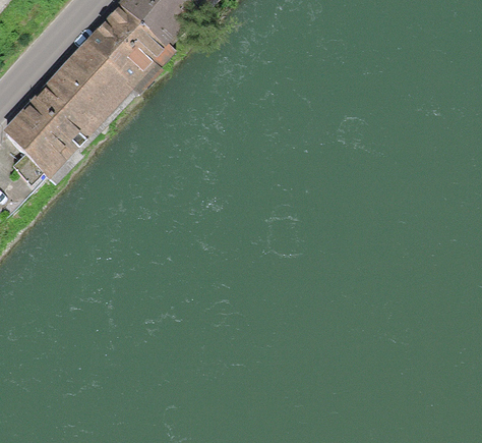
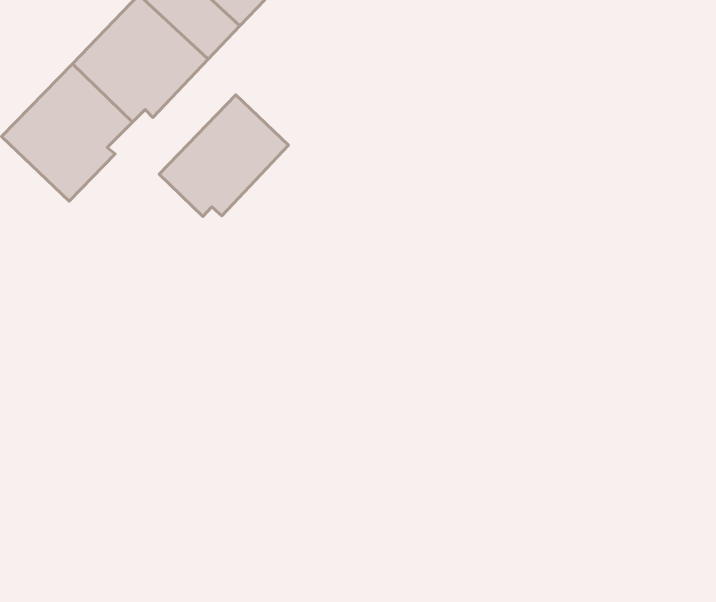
building: none -> [159,95,289,216]

